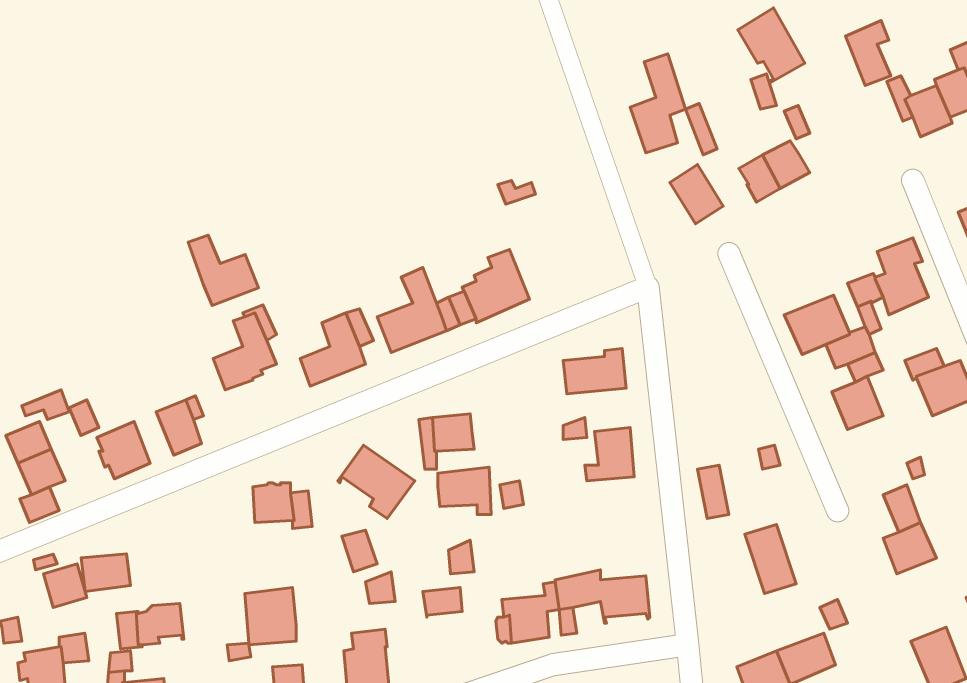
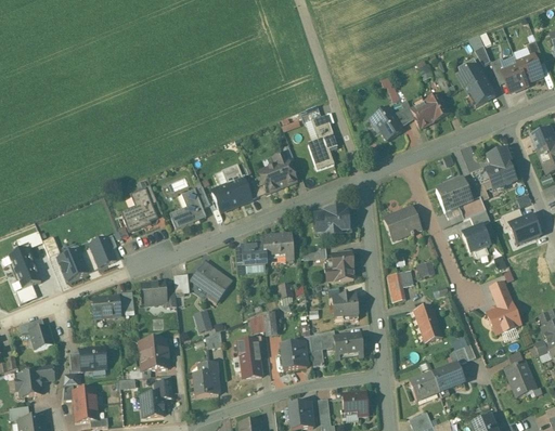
building: [738,8,805,83] -> [459,64,495,105]
building: [630,54,685,153] -> [308,115,338,169]
building: [188,235,258,305] -> none
building: none -> [384,208,418,240]
building: [438,467,491,515] -> [263,233,293,259]
building: none -> [333,293,358,316]
building: [81,554,131,591] -> [93,297,120,317]
building: none -> [240,352,262,378]

